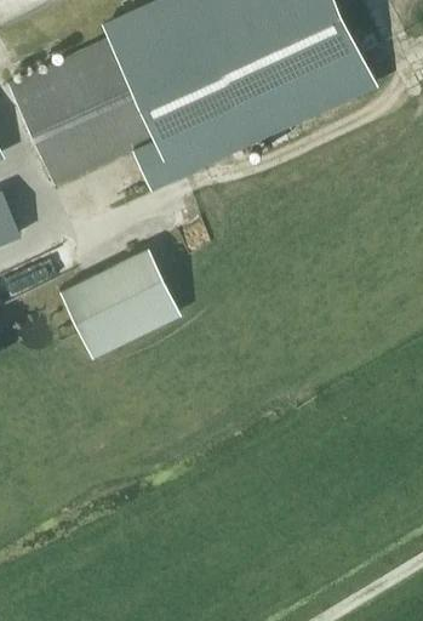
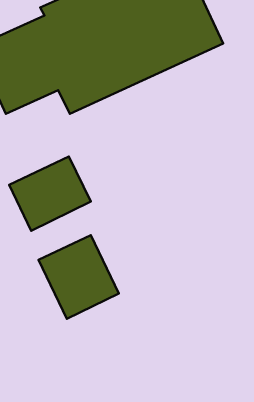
building: none -> [38,235,119,319]

